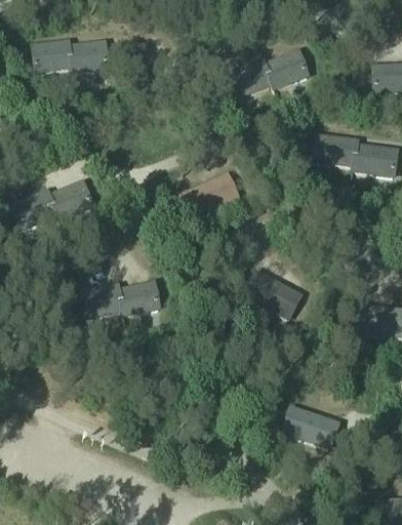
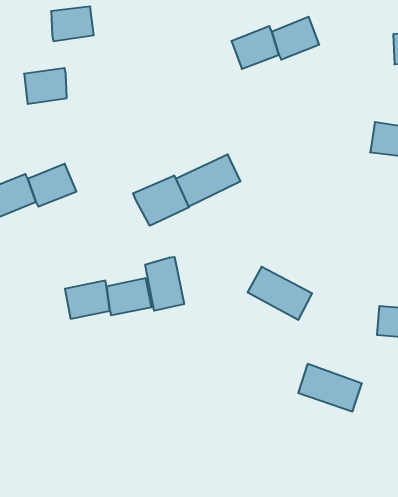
building: [35,40,73,72] -> [24,68,67,104]
building: [315,134,360,165] -> none
building: none -> [133,175,189,226]
building: none -> [145,257,184,311]
building: [284,406,340,448] -> [298,364,362,411]

